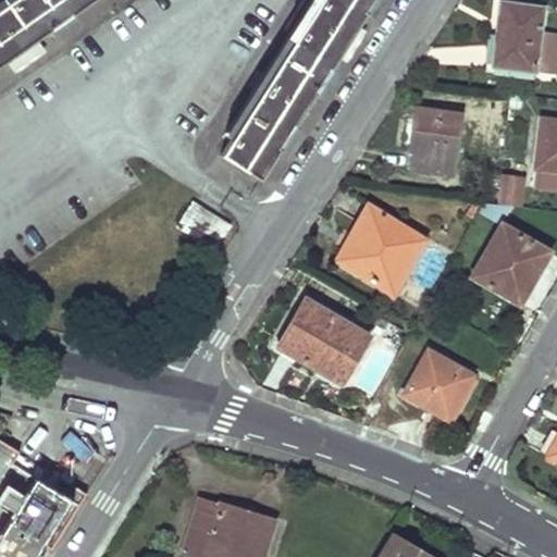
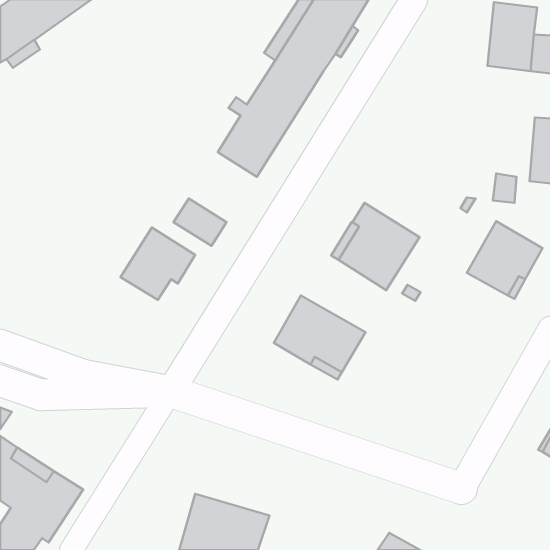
building: [411,108,460,173] -> none
building: none -> [121,228,195,300]
building: [405,350,472,418] -> none

